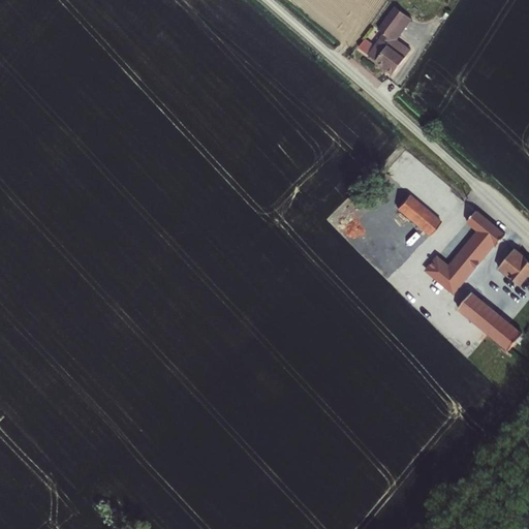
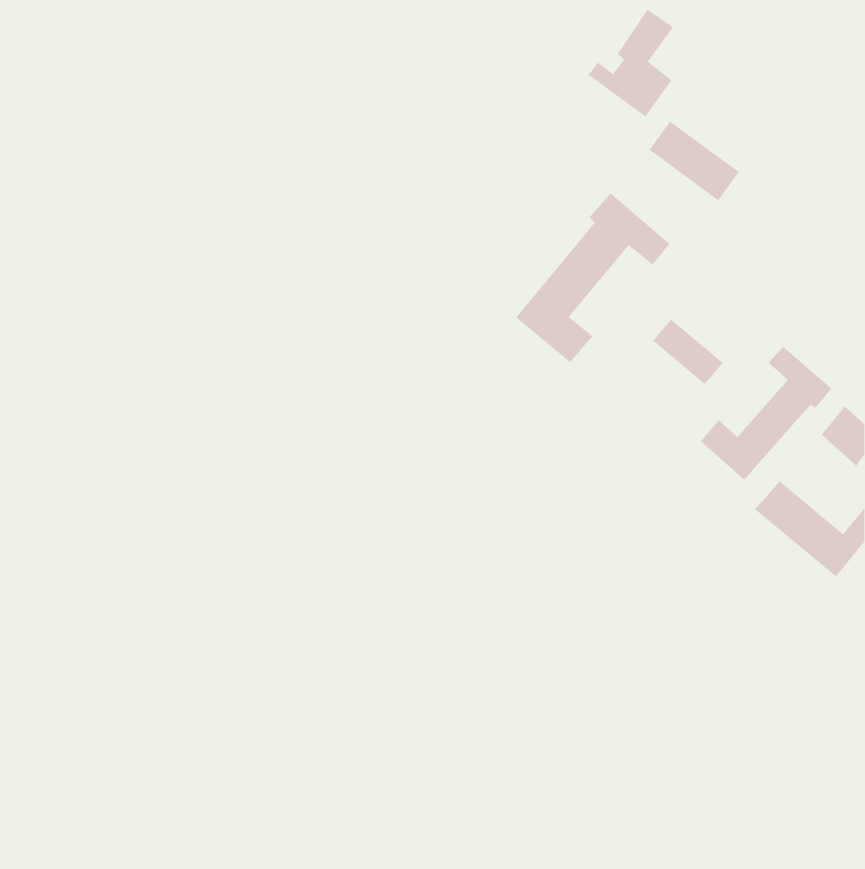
building: none -> [648,120,740,201]
building: none -> [515,192,671,363]

